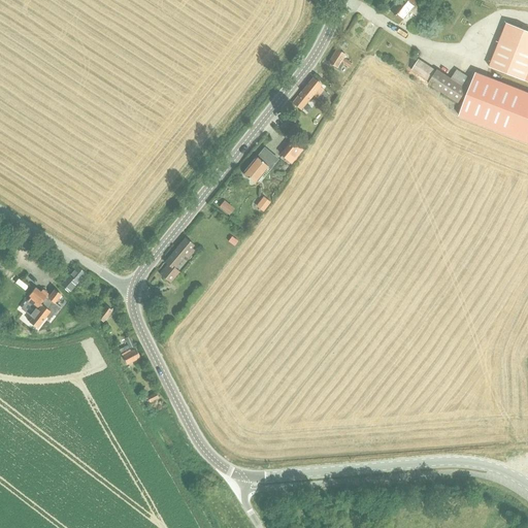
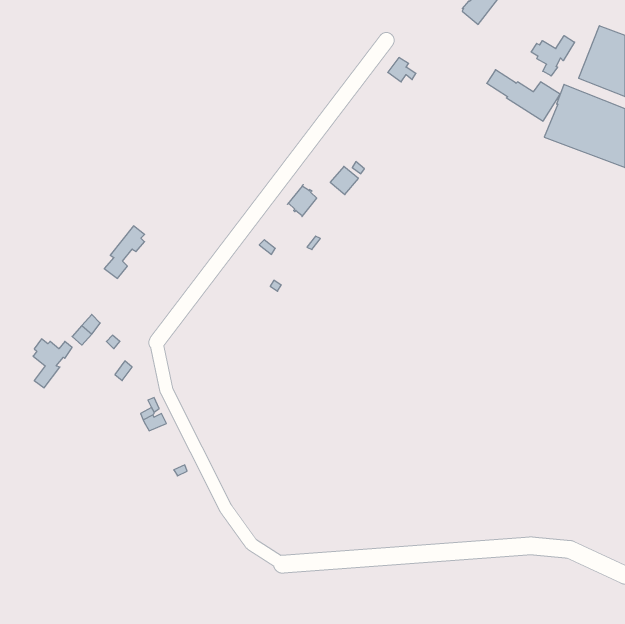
building: none -> [531,36,575,76]
building: [291,77,322,110] -> none
building: [159,237,193,282] -> [104,226,145,278]

